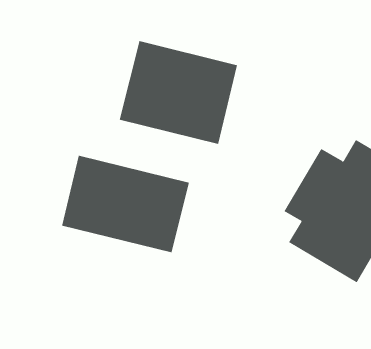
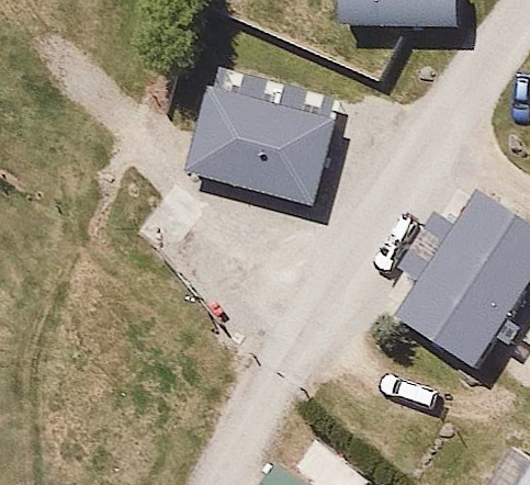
building: [62,155,190,253] -> none

